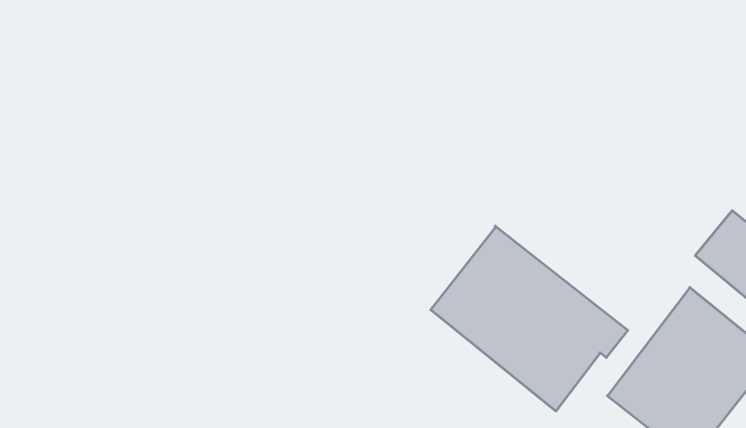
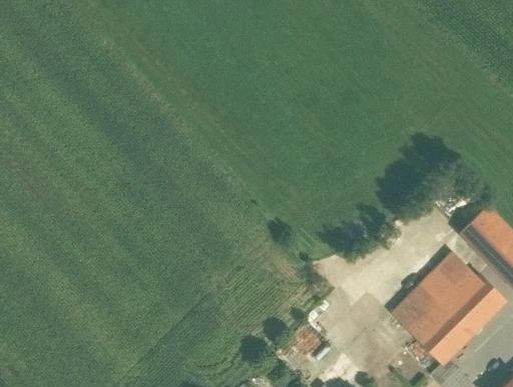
building: [431,226,628,411] -> none

